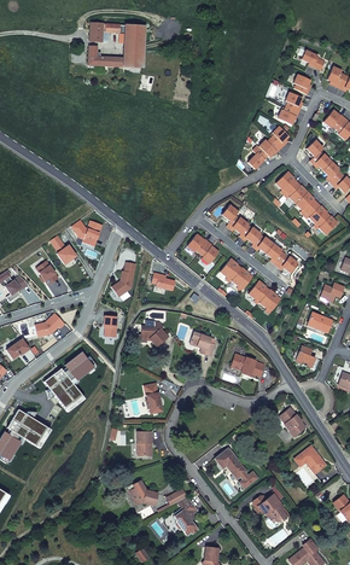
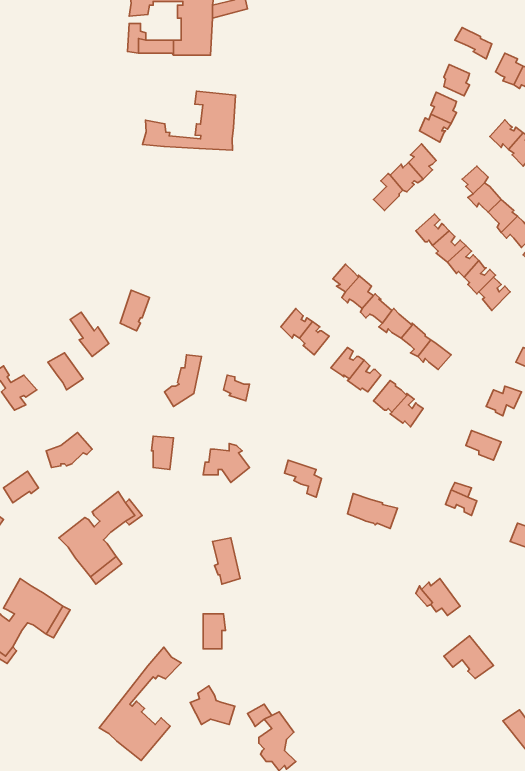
building: none -> [143,91,235,150]
building: [214,448,257,489] -> none
building: none -> [99,647,181,760]
building: [255,493,288,520] -> none

